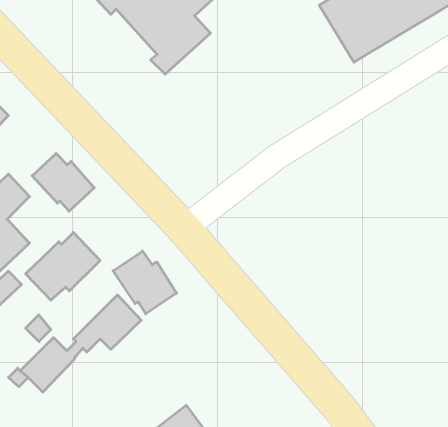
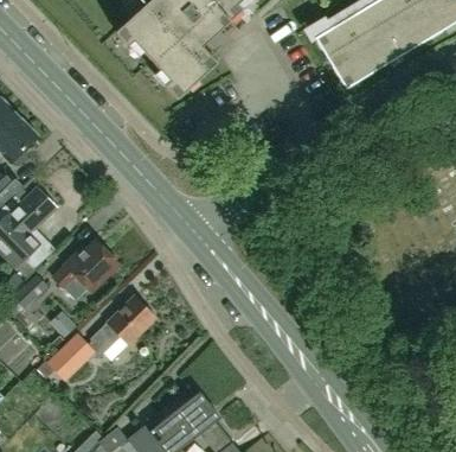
building: [32,153,94,211] -> none
building: [113,251,177,314] -> none

